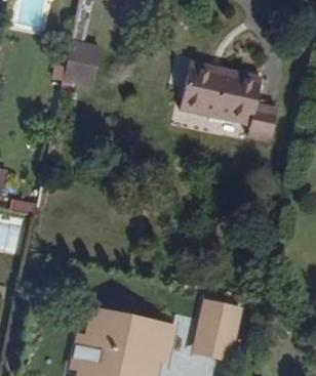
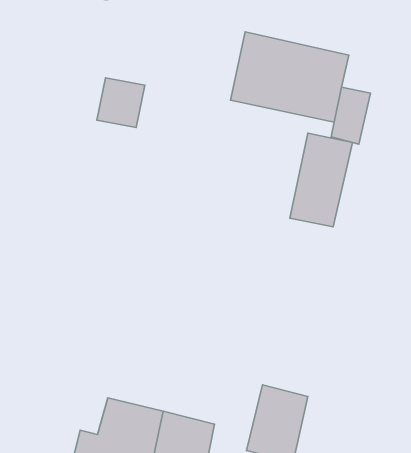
building: [62,45,95,80] -> [97,78,145,127]
building: none -> [290,133,352,227]

